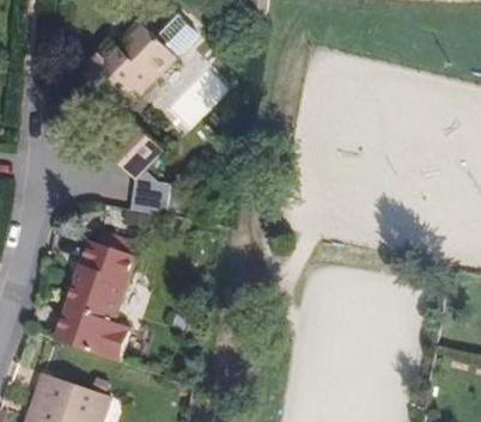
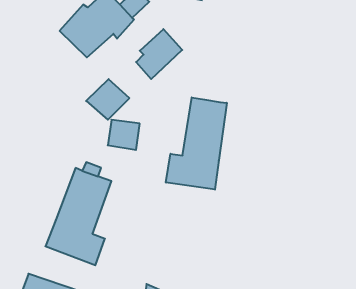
building: none -> [166,97,227,190]

